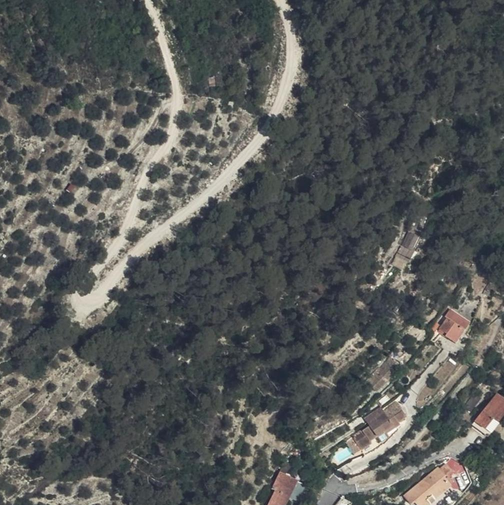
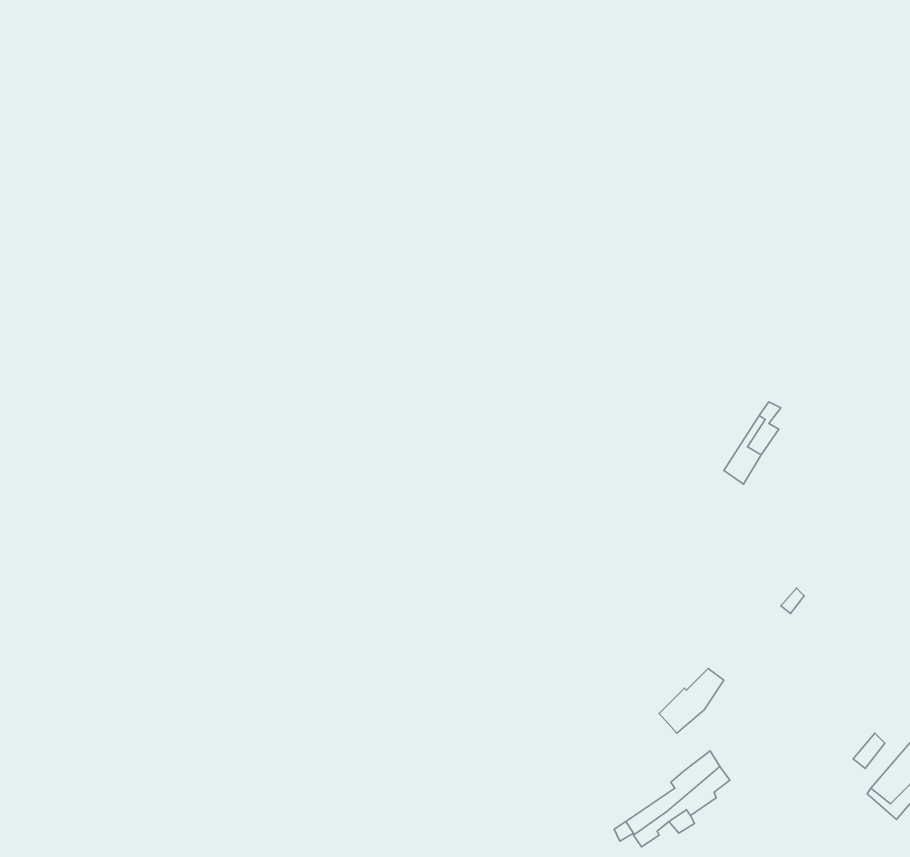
building: [442,308,472,343] -> none

